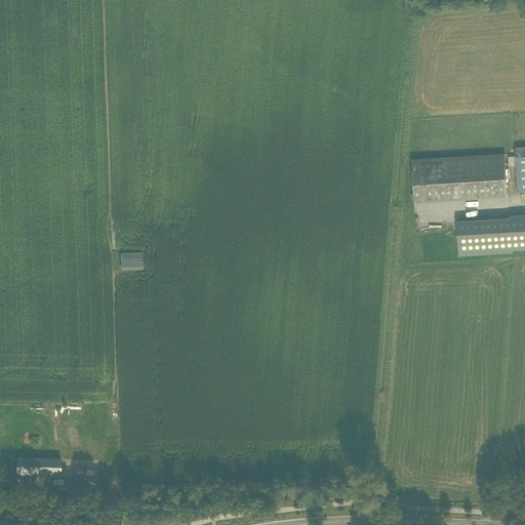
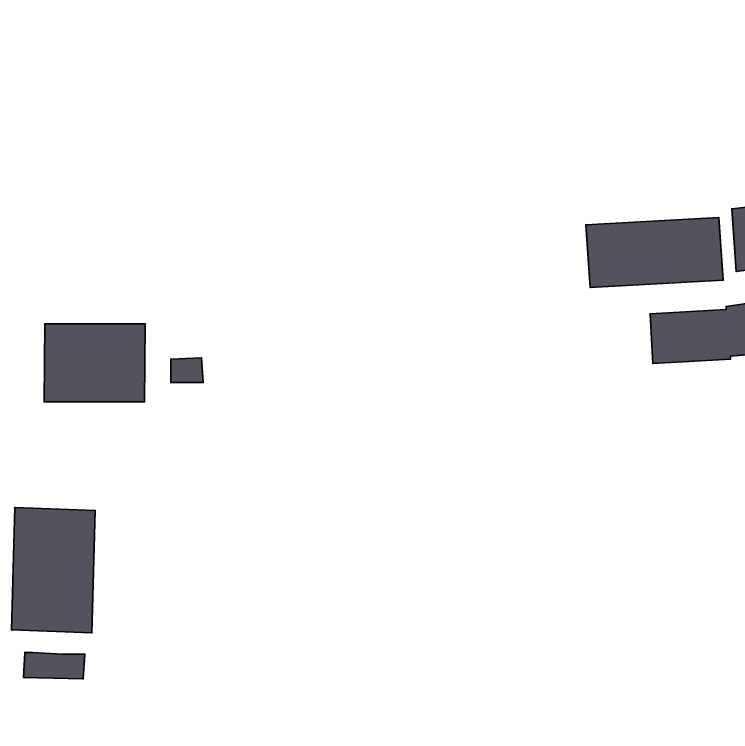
building: none -> [44,324,145,402]
building: none -> [11,507,95,633]

